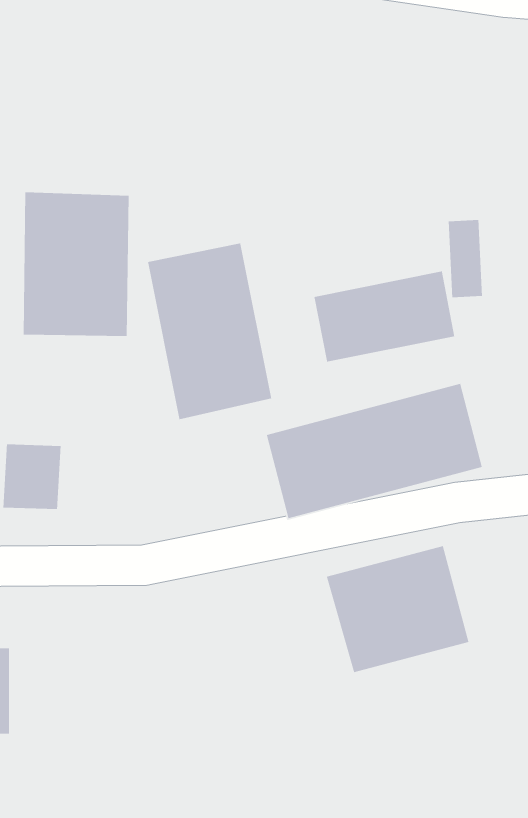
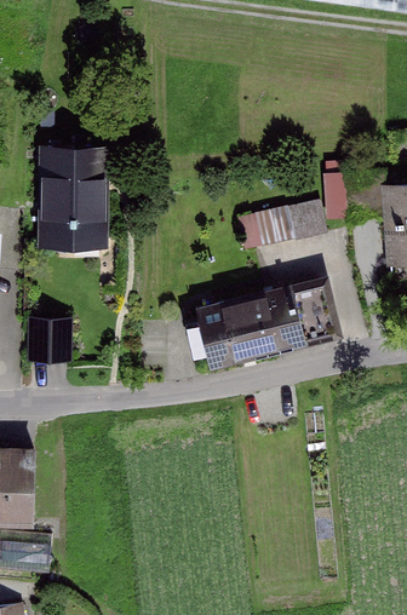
building: [147,242,272,420] -> none
building: [326,545,470,673] -> none

